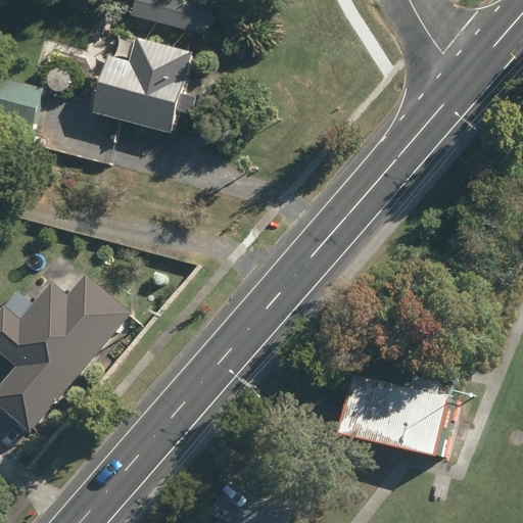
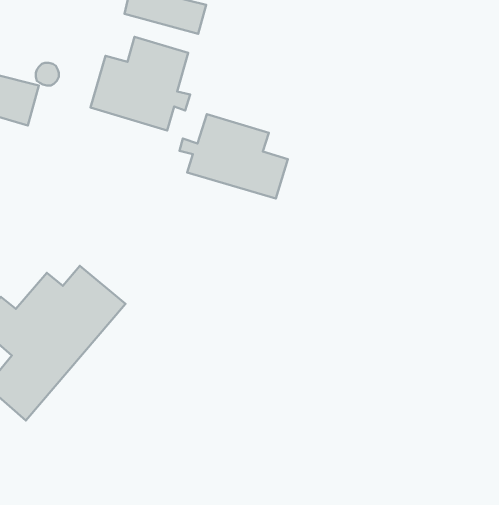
building: none -> [180,114,288,198]
building: [342,376,459,458] -> none

